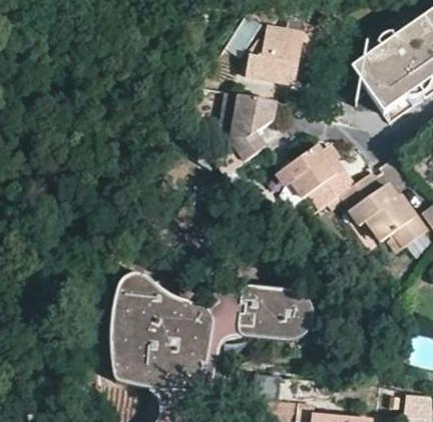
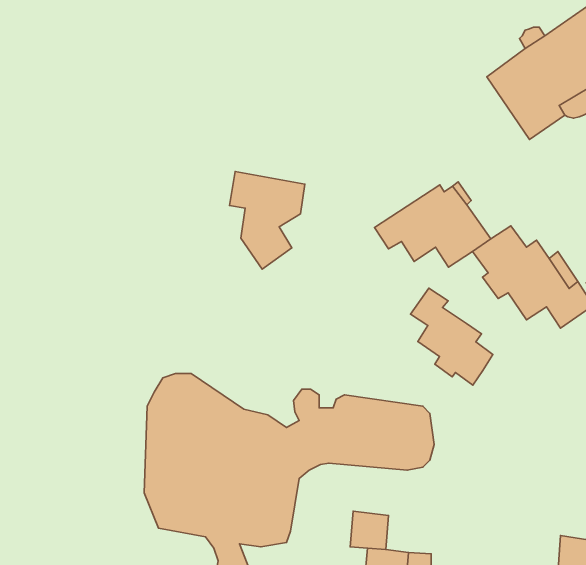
building: [245,21,323,83] -> none
building: [222,91,275,160] -> [229,171,305,269]
building: none -> [411,288,493,385]

